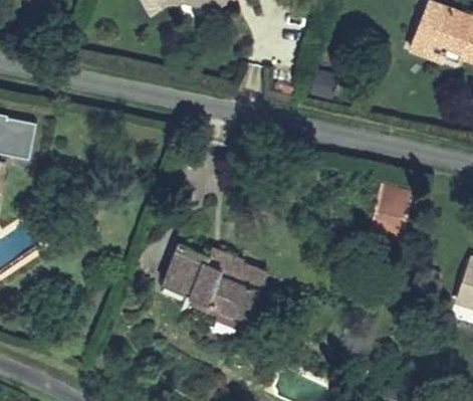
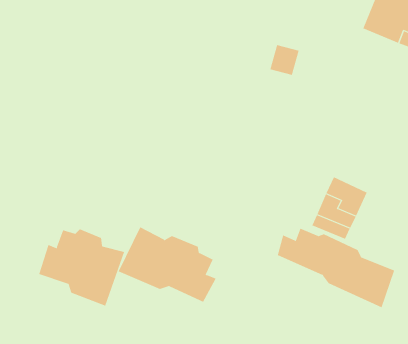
building: none -> [277,228,395,308]
building: none -> [39,229,125,306]

